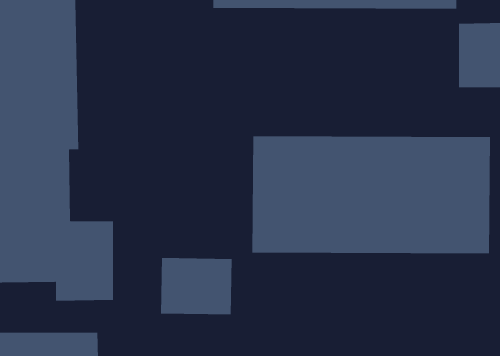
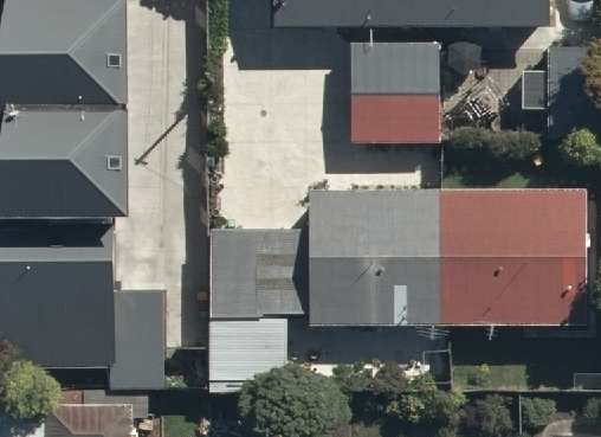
building: none -> [347,54,439,148]
building: none -> [215,225,298,321]

